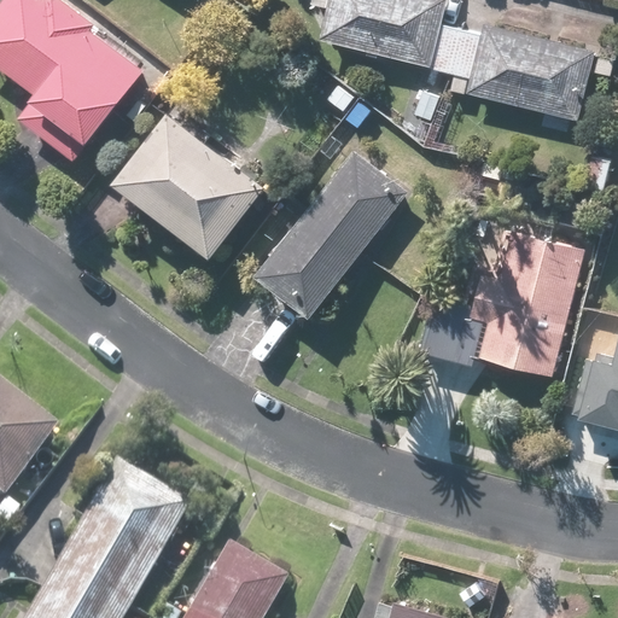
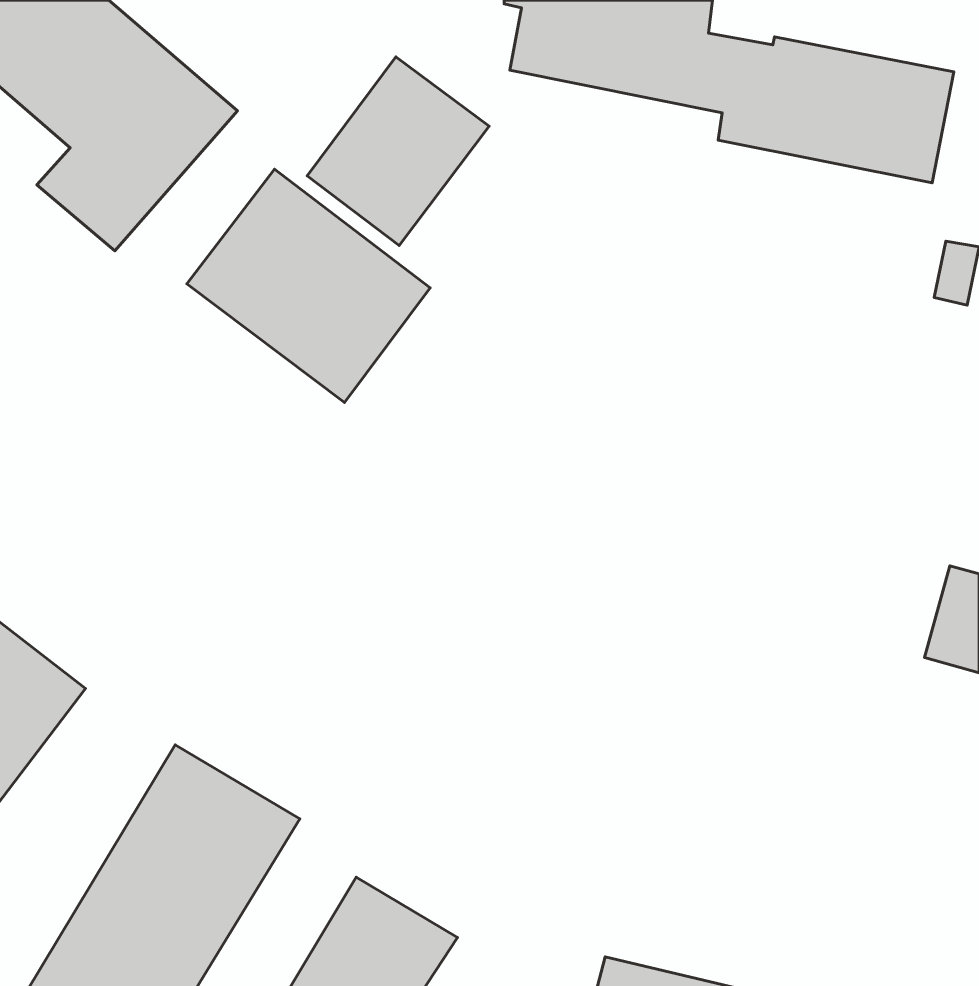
building: none -> [307,57,489,246]
building: [258,150,407,313] -> none
building: [414,225,583,378] -> none

